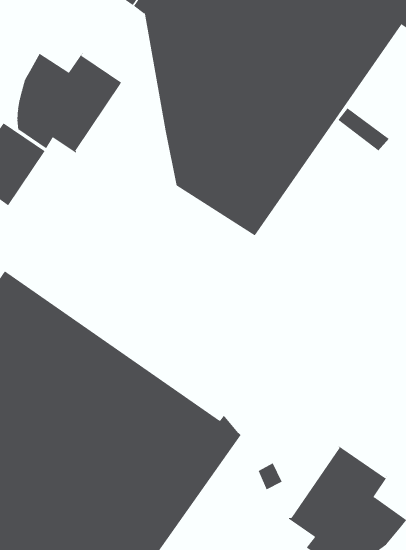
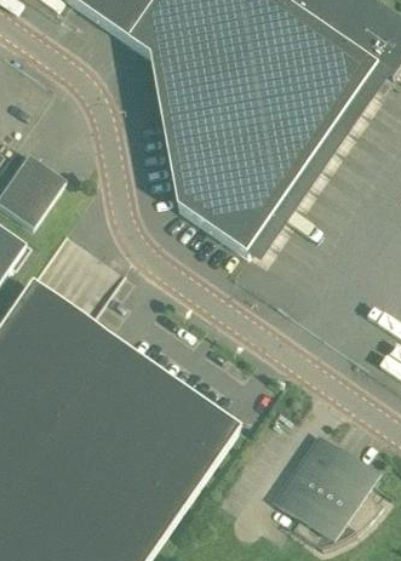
building: [17,52,124,153] -> none

